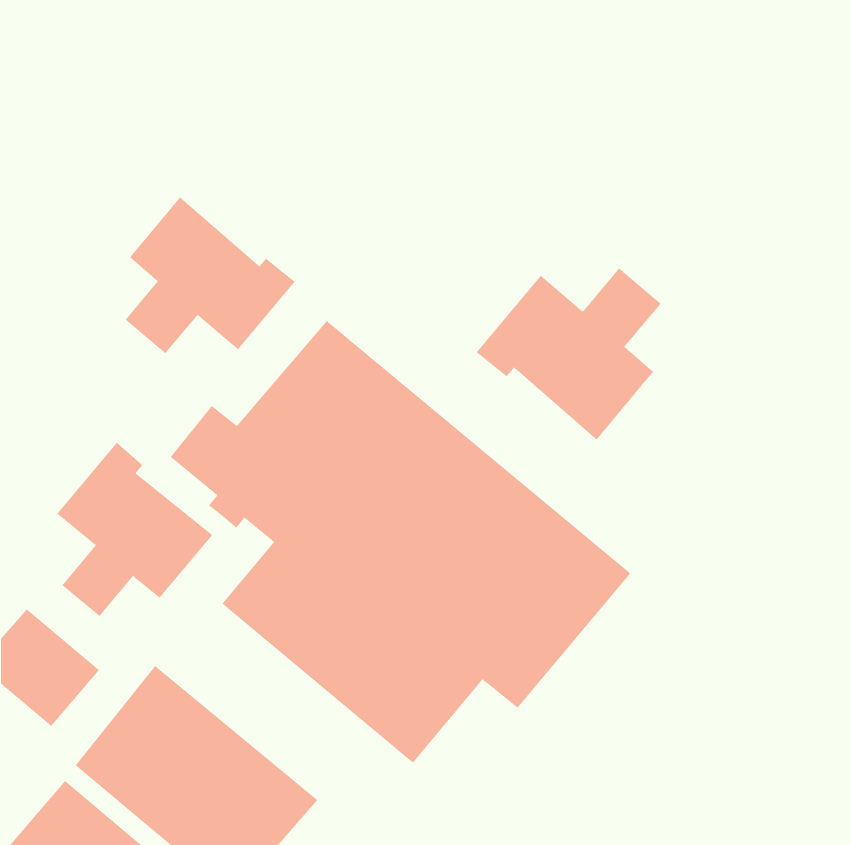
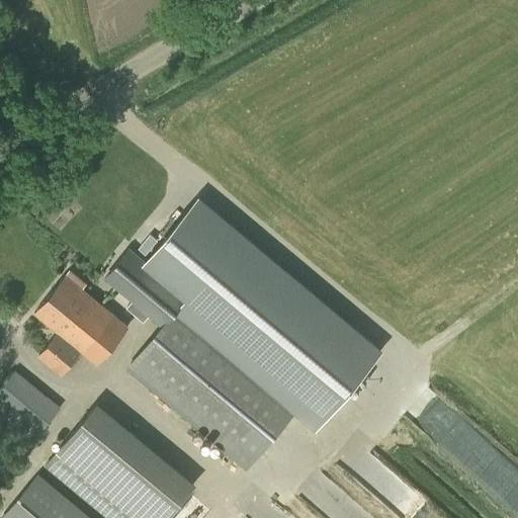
building: [125,197,296,354] -> none
building: [476,268,661,440] -> none

